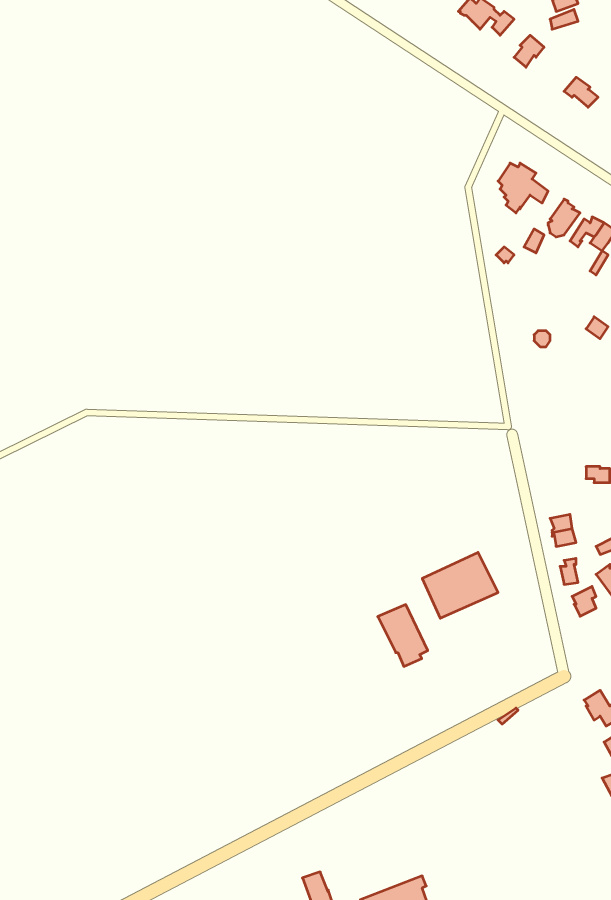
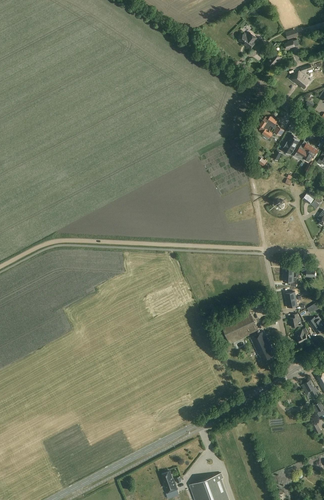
building: [378,605,428,666] -> [250,331,275,362]

